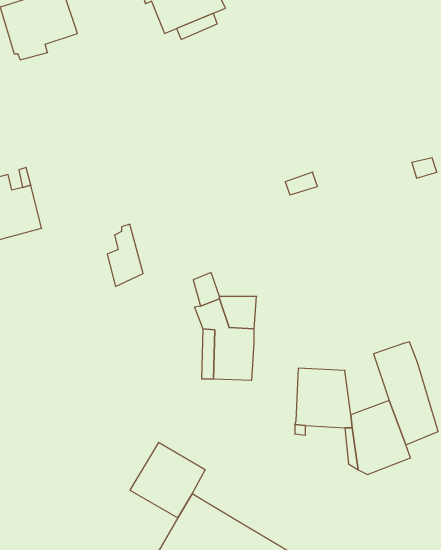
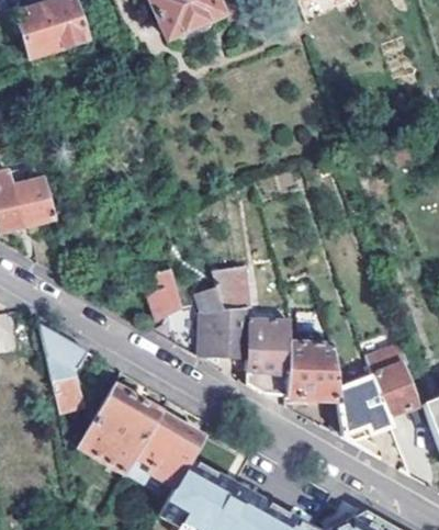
building: [107,224,143,286] -> [148,263,181,320]
building: none -> [37,322,88,411]
building: none -> [245,322,289,393]
building: none -> [79,385,160,474]

